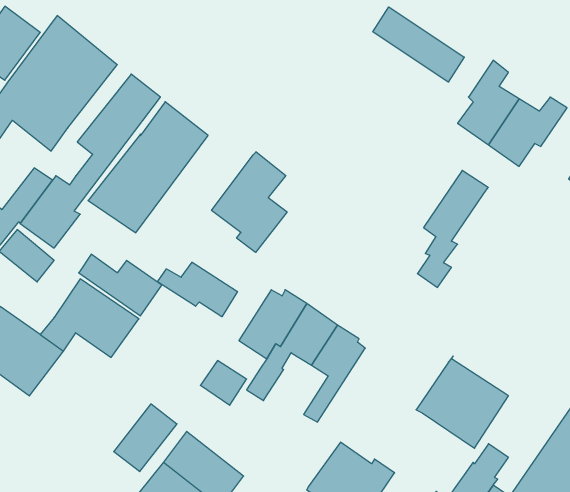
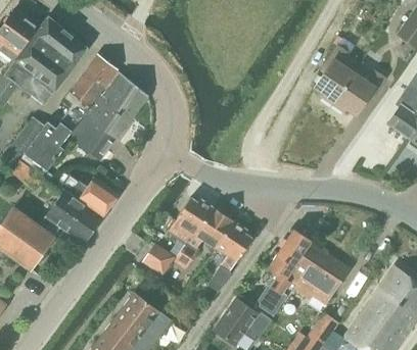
building: [373,7,464,82] -> none
building: [212,152,287,252] -> none
building: [417,170,488,287] -> [264,231,311,308]
building: [157,262,237,317] -> none
building: [114,404,177,472] -> none

